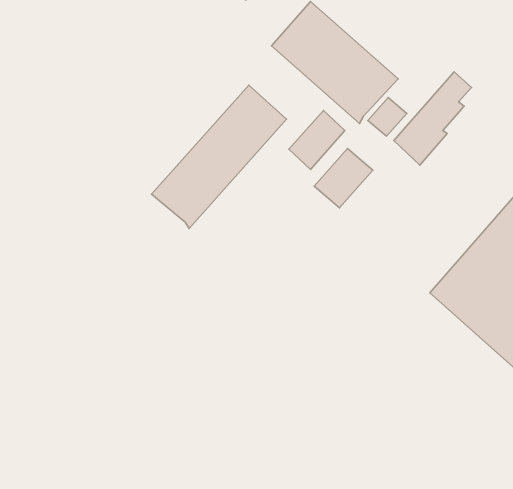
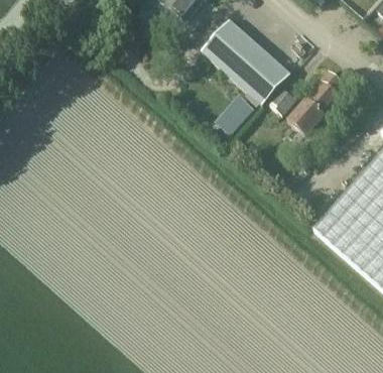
building: [152,85,286,228] -> none
building: [314,149,373,208] -> none

